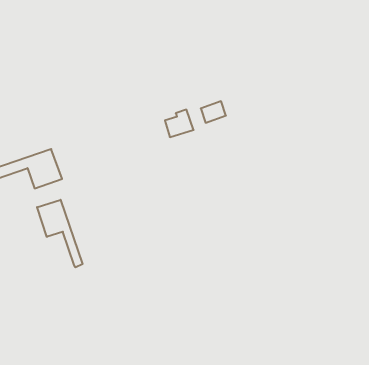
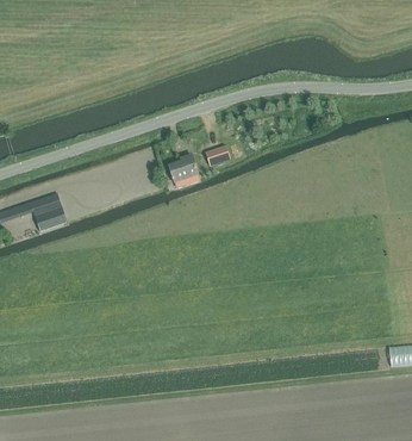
building: [37,200,83,267] -> none

